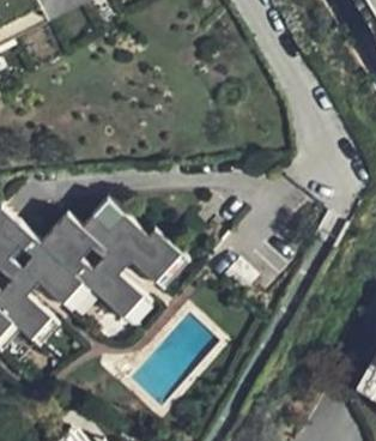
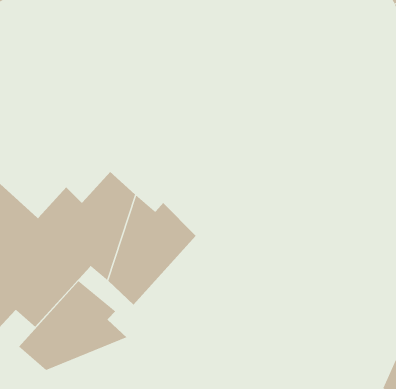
building: none -> [18,280,127,371]

